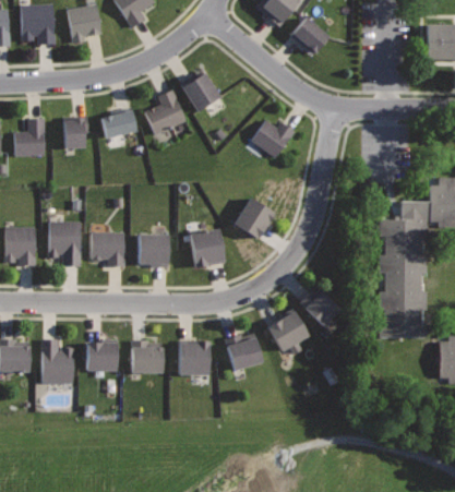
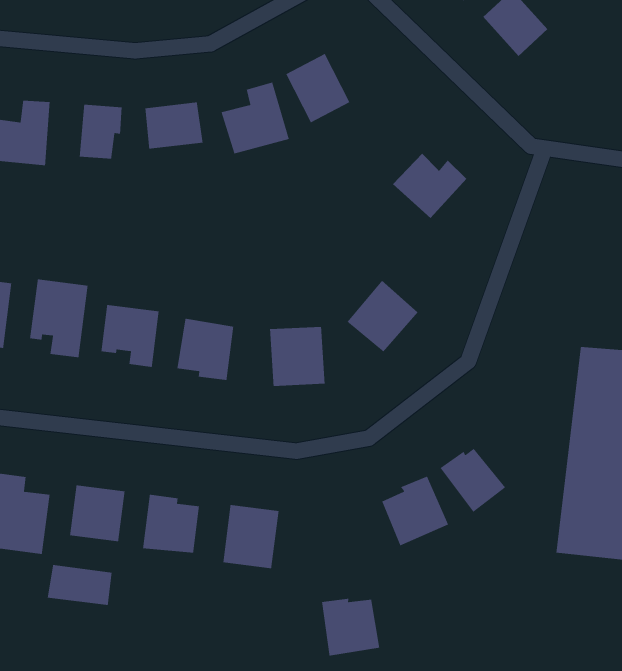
building: [225,334,263,371] -> [321,598,380,657]
building: none -> [47,564,112,606]

